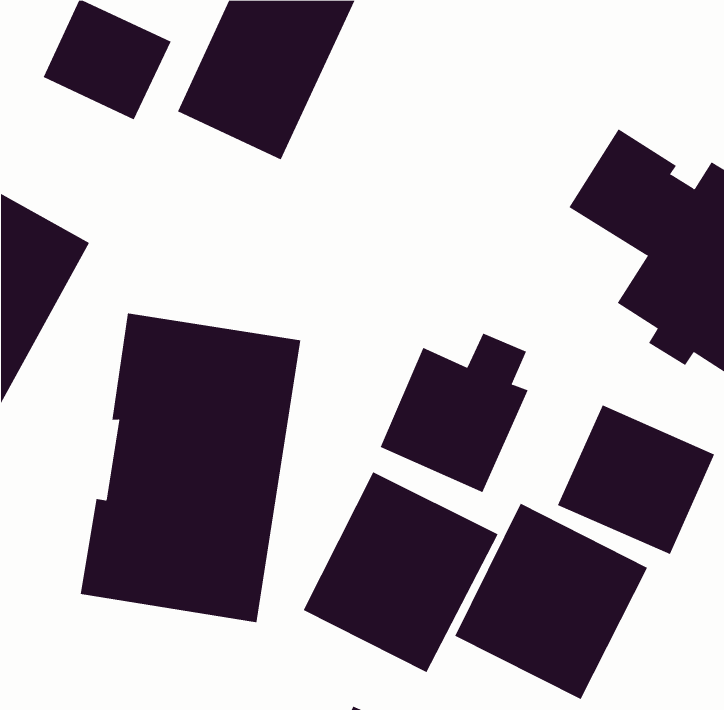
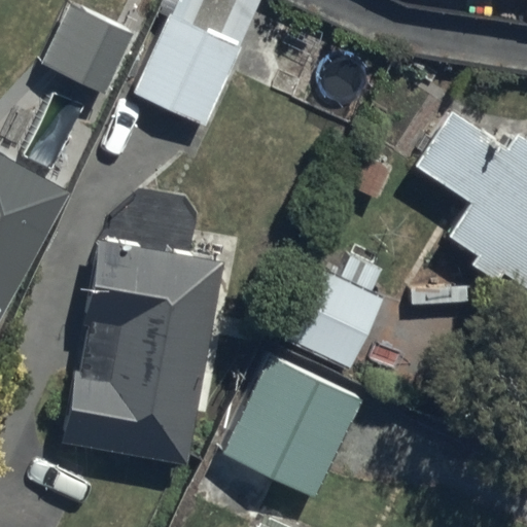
building: [557,404,715,555] -> none
building: [455,503,648,700] -> none

